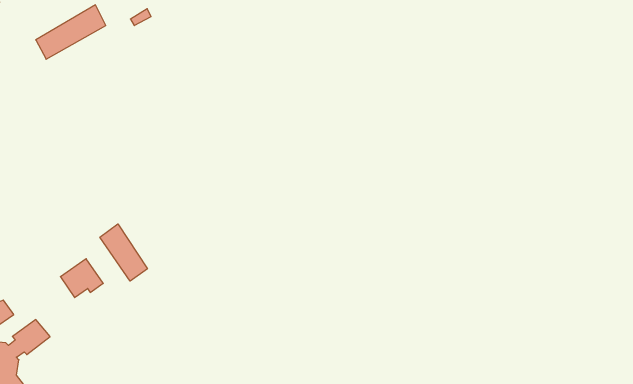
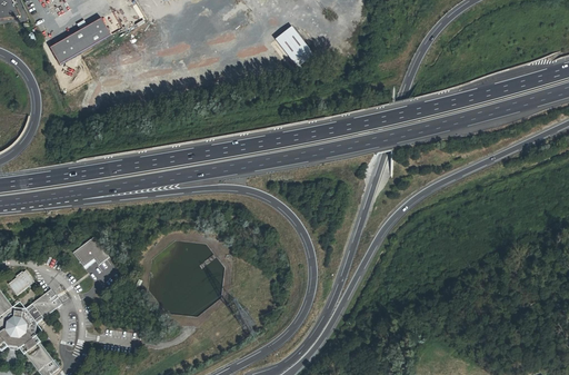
building: none -> [274,24,316,70]
building: [100,224,147,281] -> none

